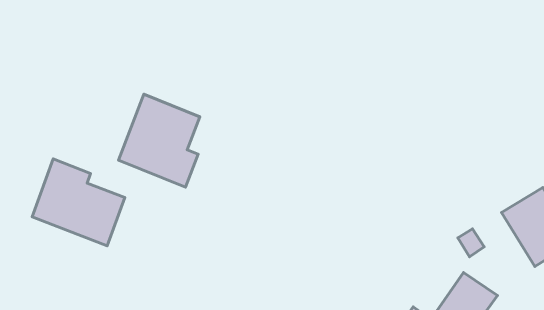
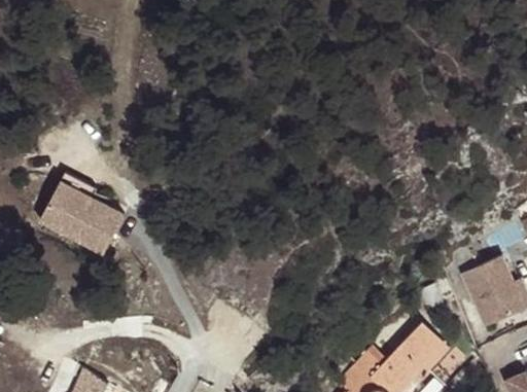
building: [118,94,200,187] -> none

